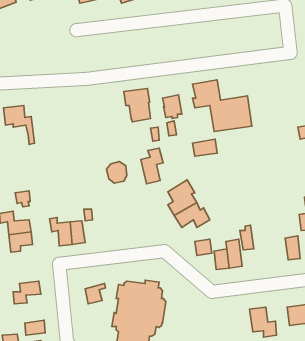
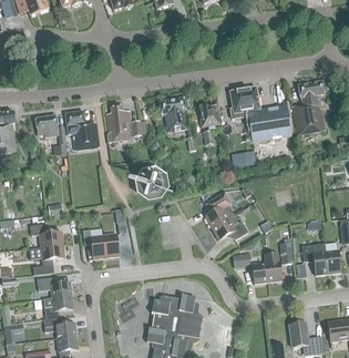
building: none -> [291,79,325,134]
building: none -> [106,104,141,141]
building: none -> [64,110,99,150]
building: [141,148,163,184] -> none
building: none -> [301,243,328,275]
building: none -> [37,276,71,297]
building: none -> [43,317,76,338]

